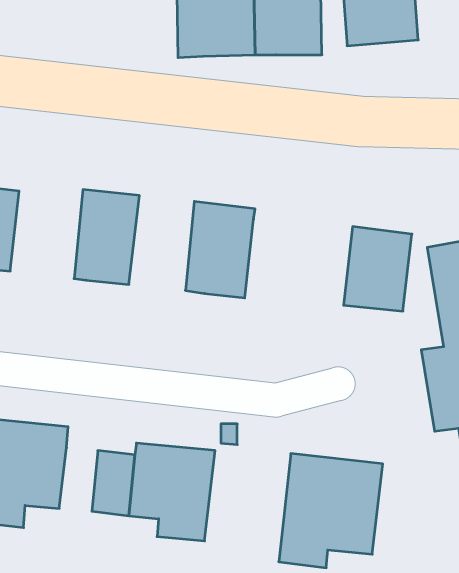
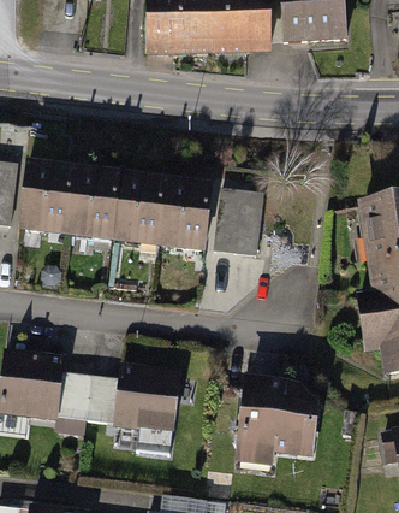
building: none -> [17,157,76,235]
building: none -> [113,167,166,244]
building: [344,227,412,311] -> [207,187,262,255]
building: none -> [56,372,88,424]

